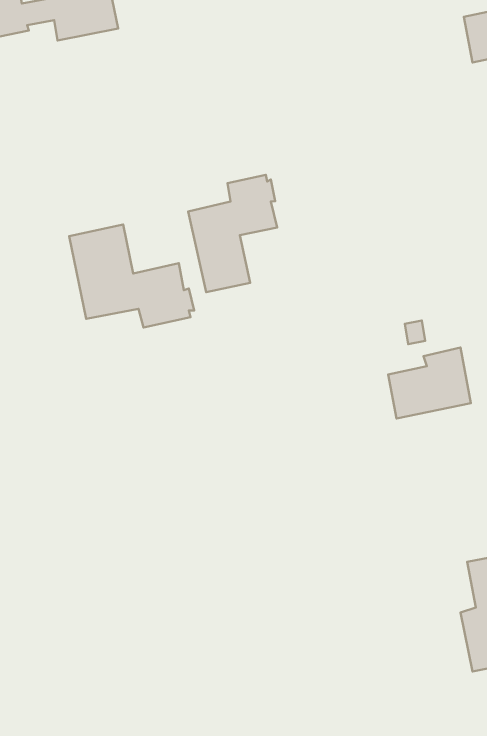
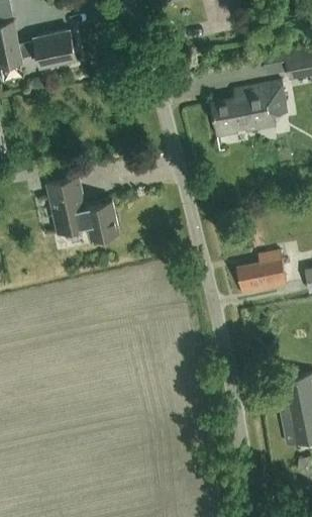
building: none -> [212,82,287,136]
building: [188,175,277,292] -> none

